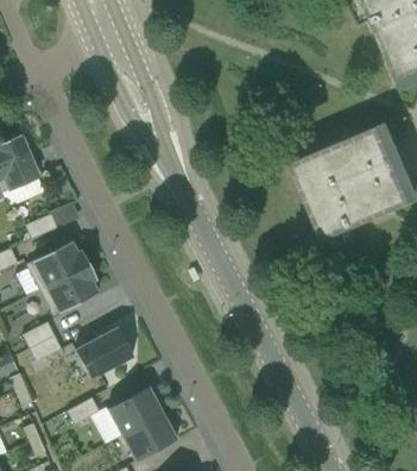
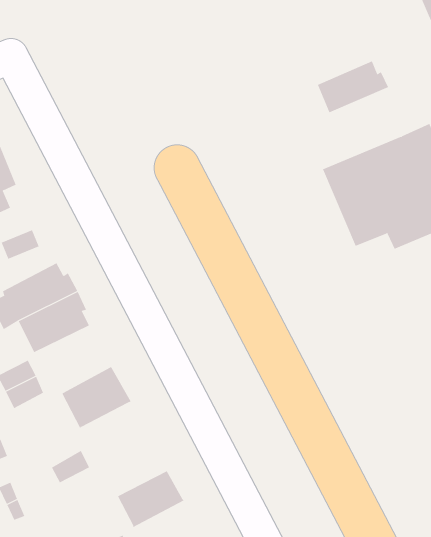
building: none -> [317,61,389,113]
building: [108,387,164,434] -> none

